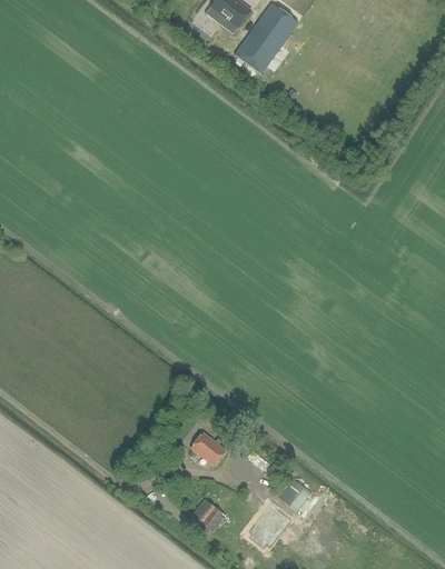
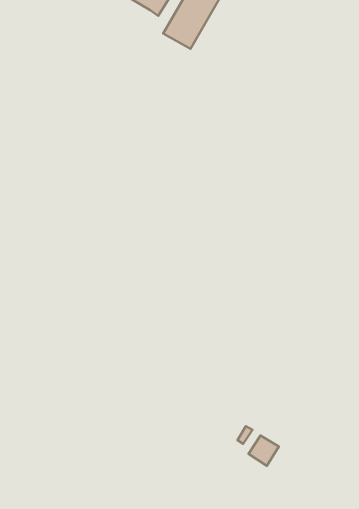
building: [190,431,227,467] -> none
building: [191,499,226,532] -> none

